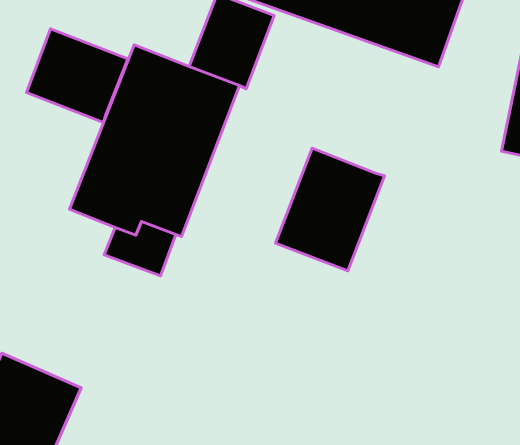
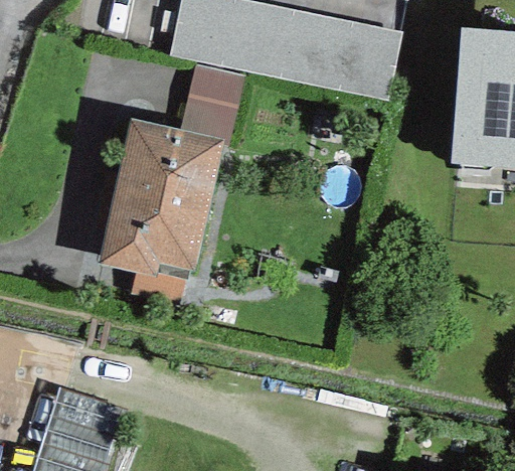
building: [26,29,128,122] -> none
building: [275,148,385,271] -> none

